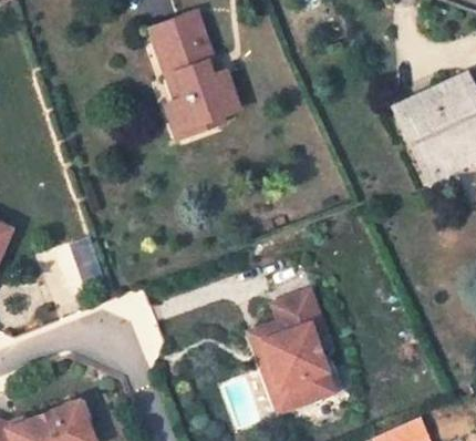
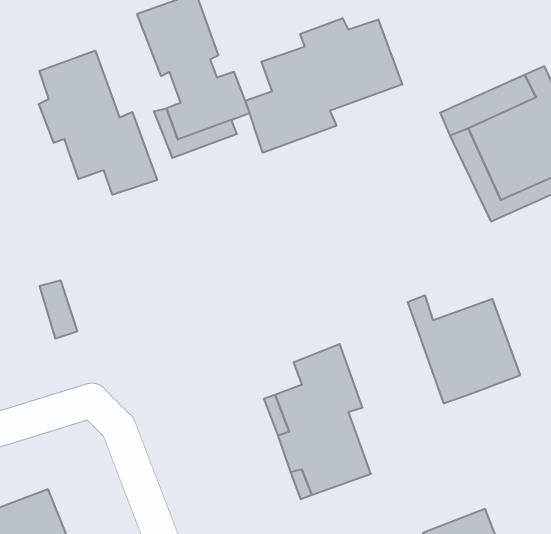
building: none -> [246,18,402,153]
building: none -> [39,51,157,195]
building: none -> [408,295,520,404]

